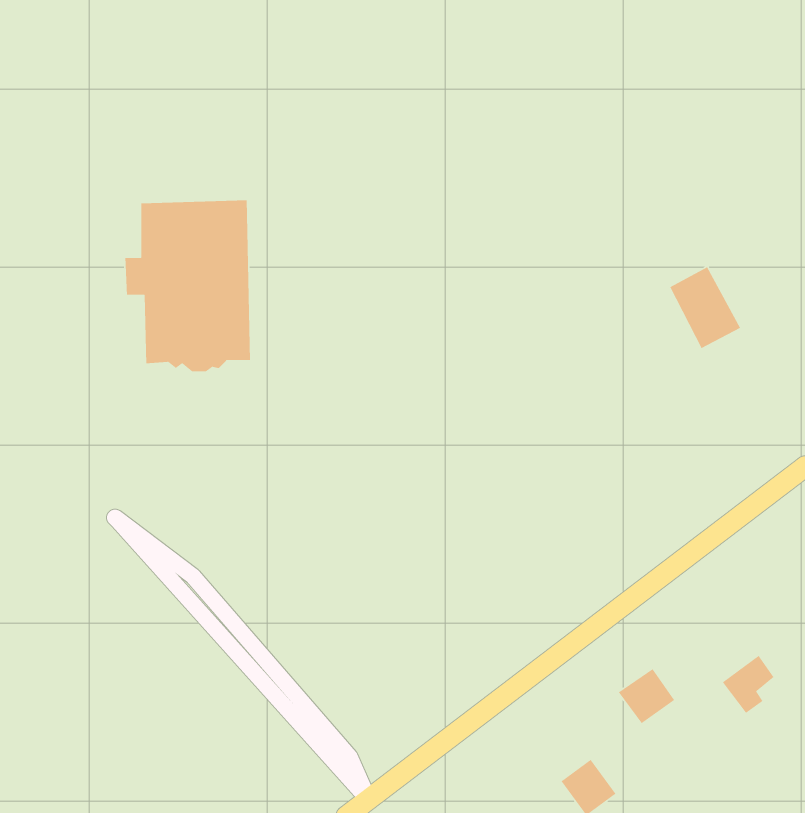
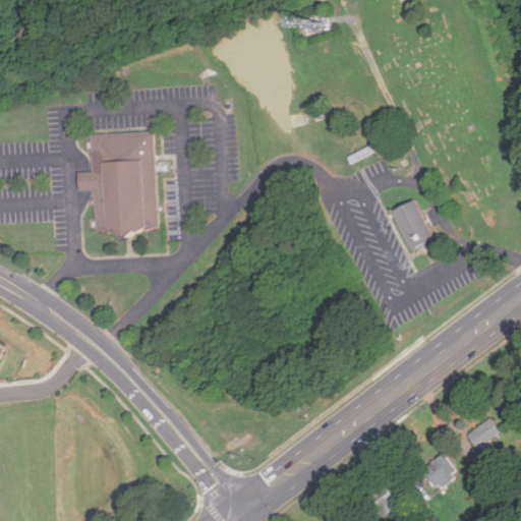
building: [669,266,741,349] -> [393,200,439,253]
building: [618,668,675,724] -> [414,456,451,491]

